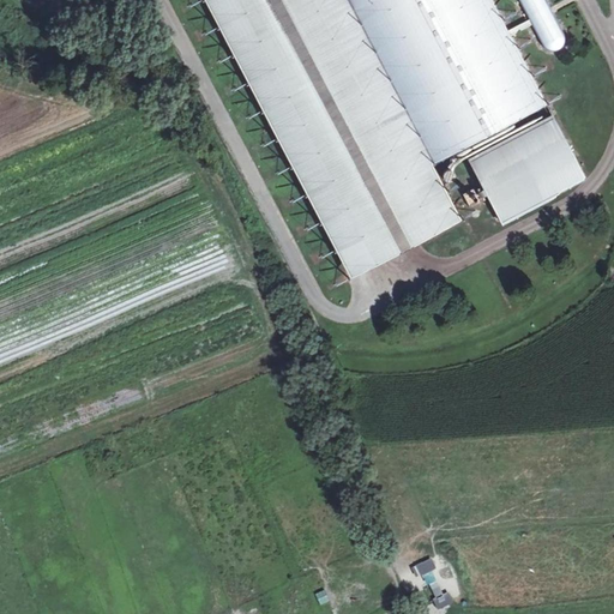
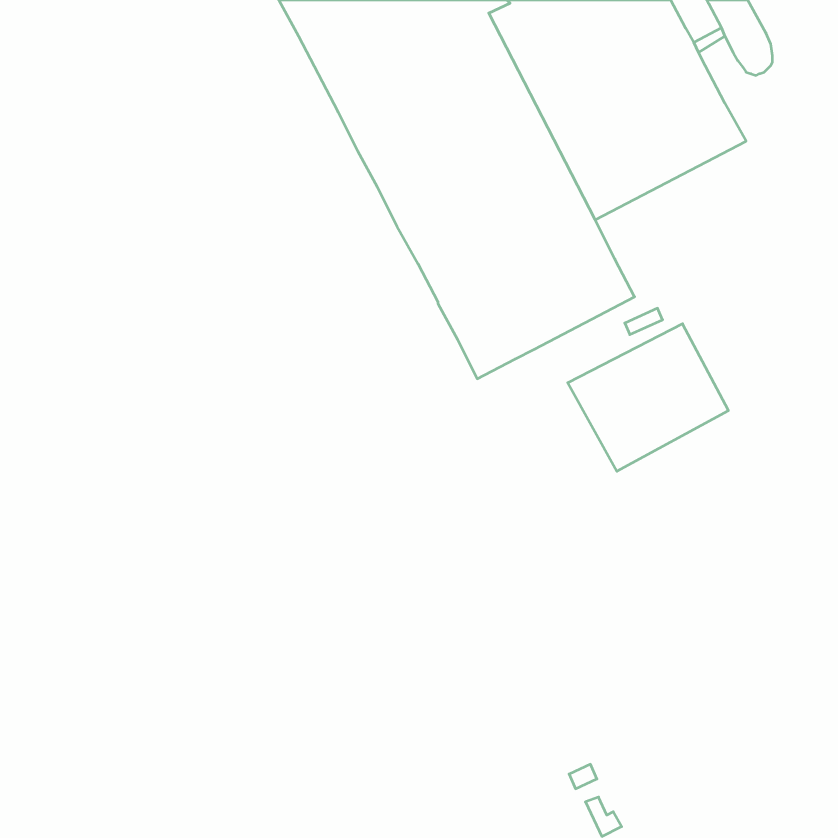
building: [466,116,584,224] -> [568,324,728,471]

